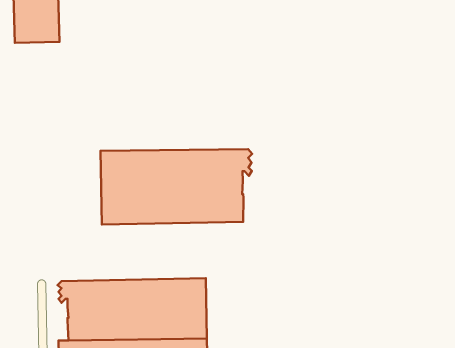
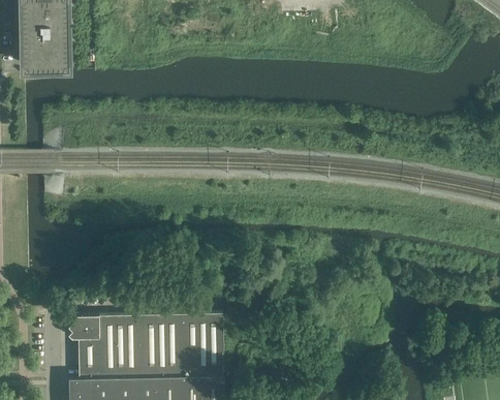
building: [101,149,252,225] -> none

